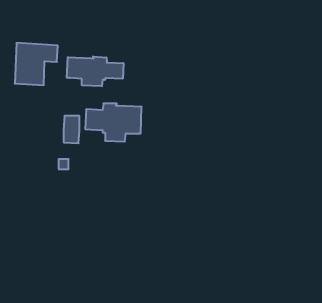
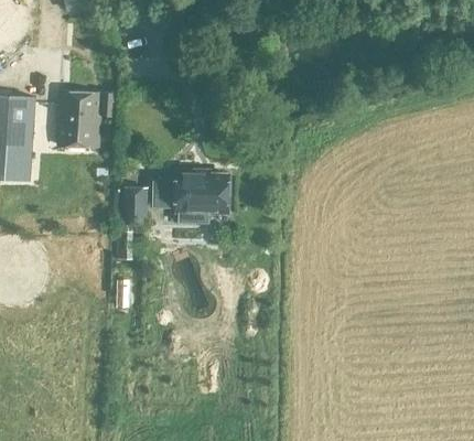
building: [67,56,123,86] -> none

